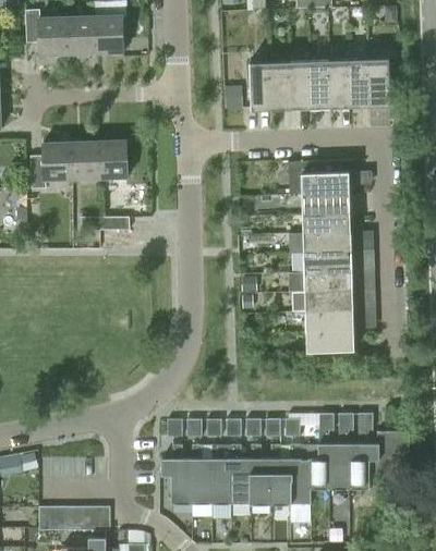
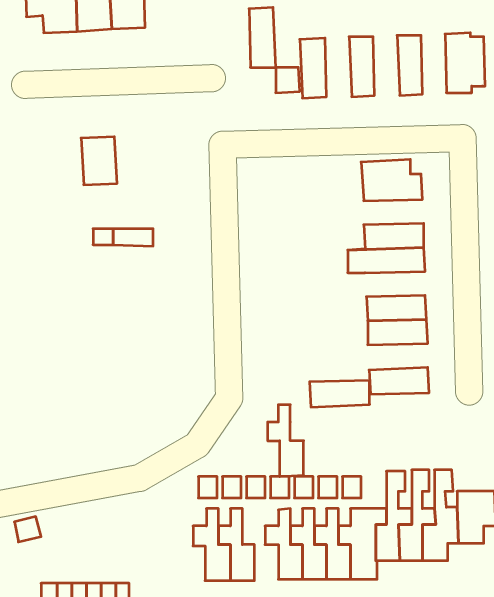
building: [348,58,368,107] -> none
building: [308,59,330,108] -> none
building: [269,60,291,109] -> [249,7,276,67]
building: [97,140,126,180] -> none
building: [28,143,72,188] -> none
building: [301,193,350,213] -> none
building: [302,252,351,272] -> none
building: [304,310,353,332] -> [310,380,370,407]
building: [202,445,231,504] -> [268,405,304,477]

